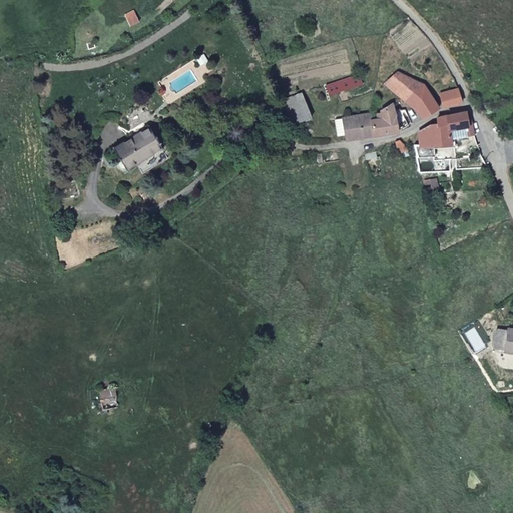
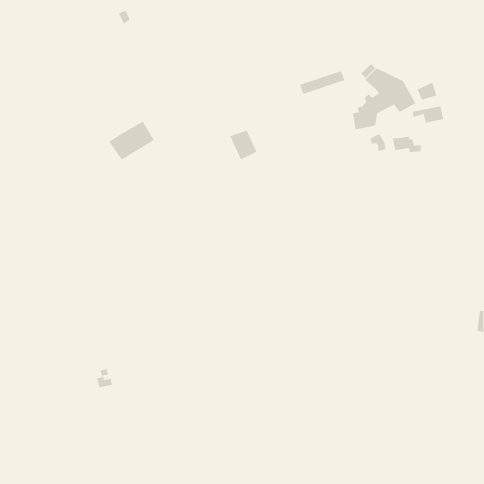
building: [283,93,313,126] -> [229,129,258,161]
building: [343,113,375,142] -> none
building: [429,121,452,146] -> none

